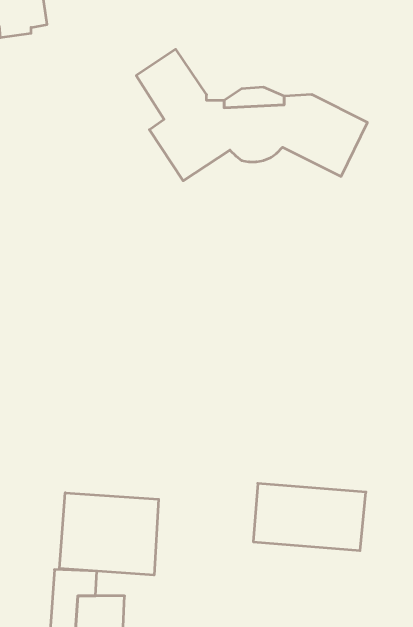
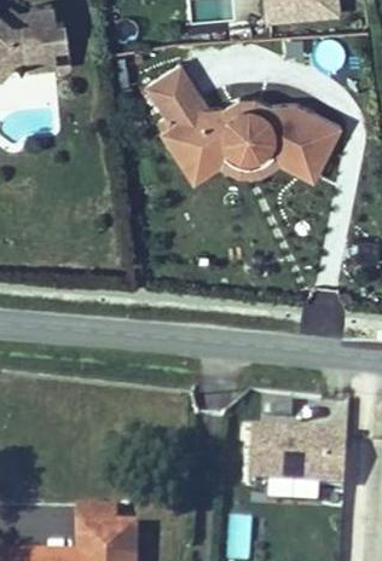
building: none -> [186,150,317,186]
building: [60,493,159,575] -> none

